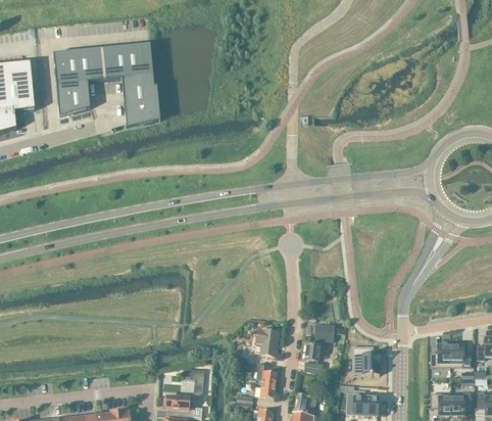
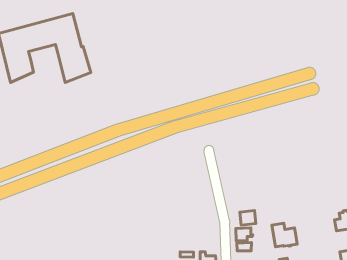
building: [256,329,278,356] -> none

